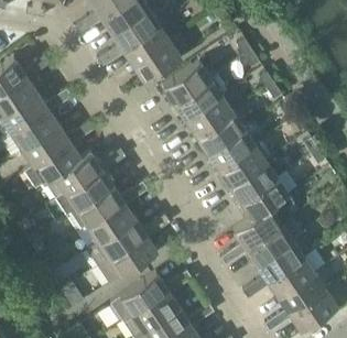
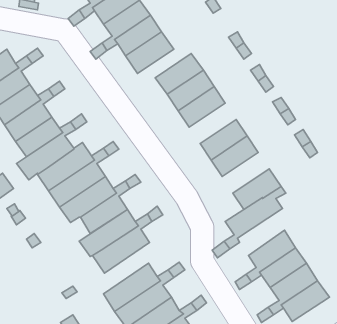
building: [197,112,245,153] -> none
building: [230,162,278,203] -> none
building: [246,218,301,265] -> none

